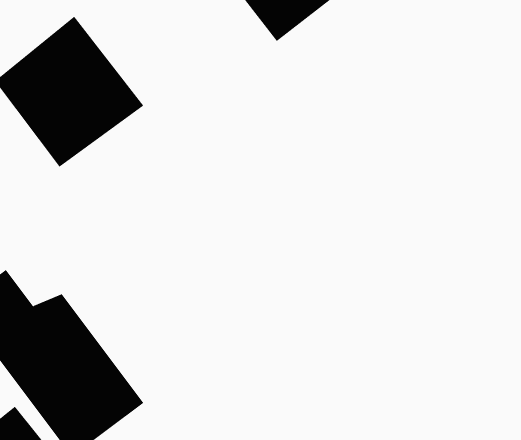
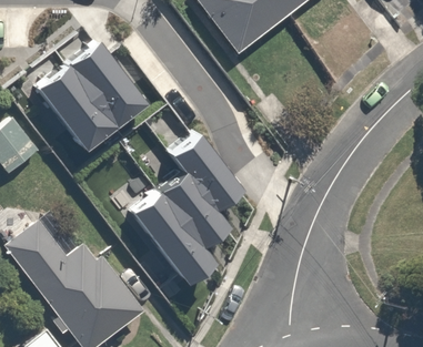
building: none -> [129,129,240,282]

